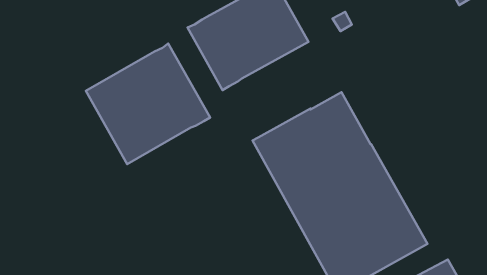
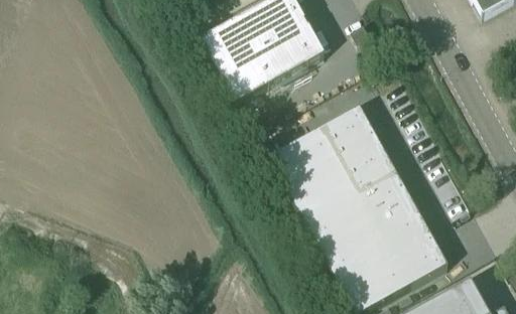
building: [86,43,210,164] -> none

